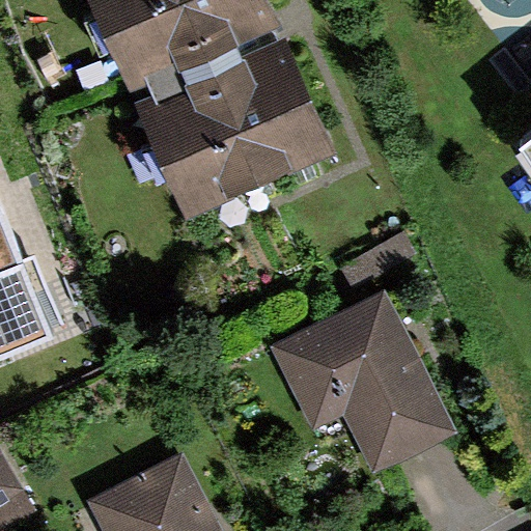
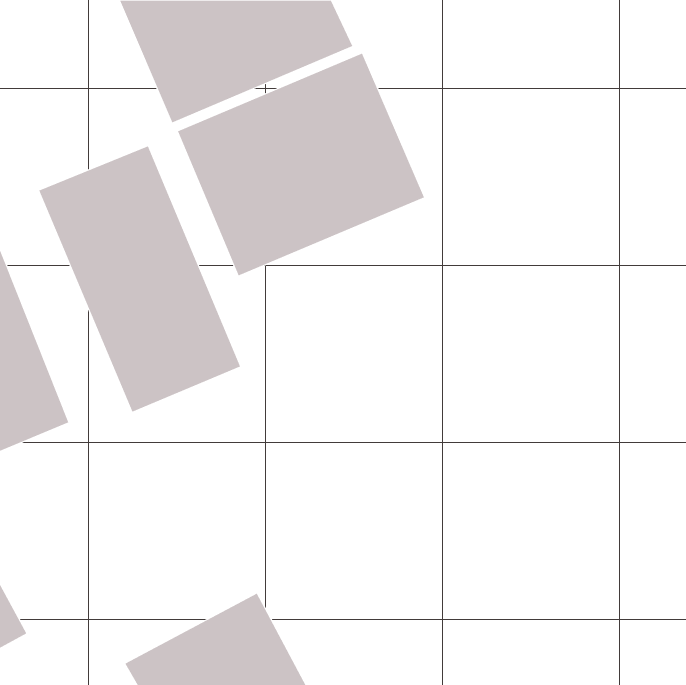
building: none -> [39,146,241,413]
building: [273,287,443,462] -> none

